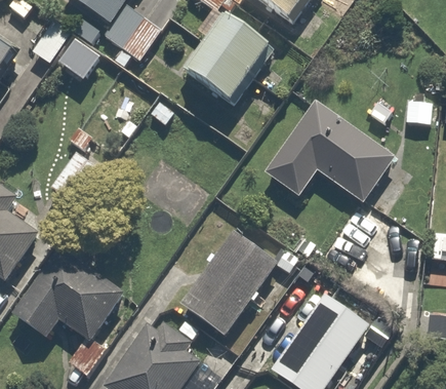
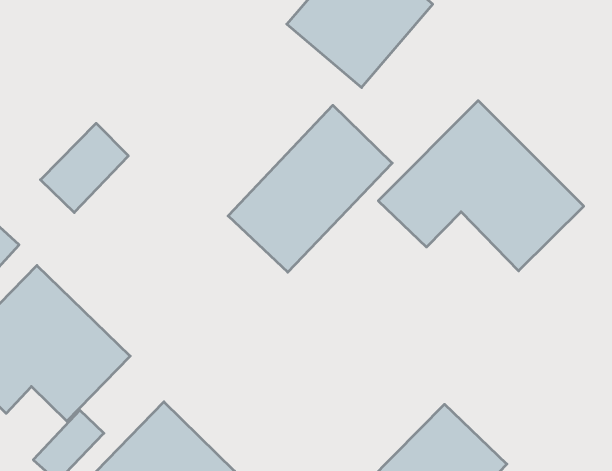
building: [179,226,278,336] -> [228,105,392,272]

